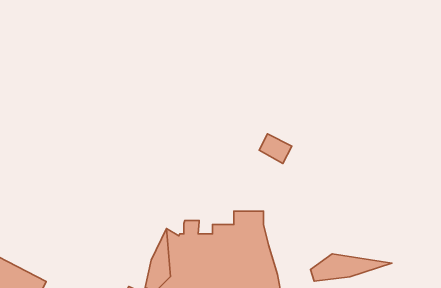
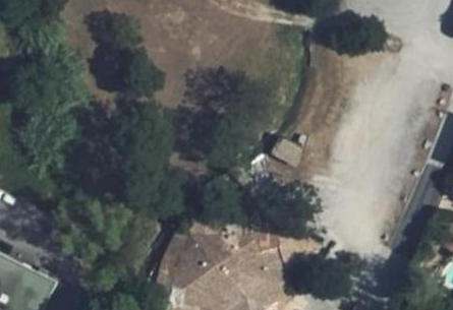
building: [311,254,392,281] -> none

